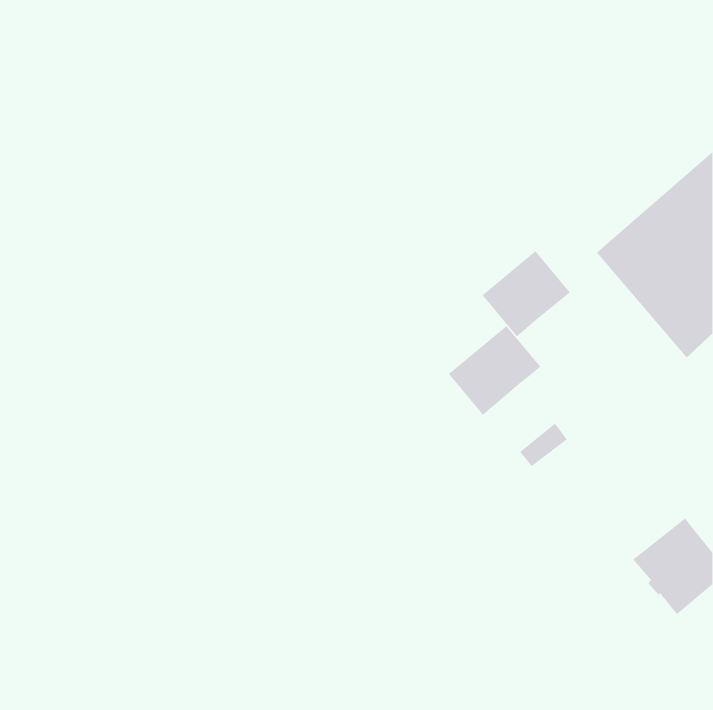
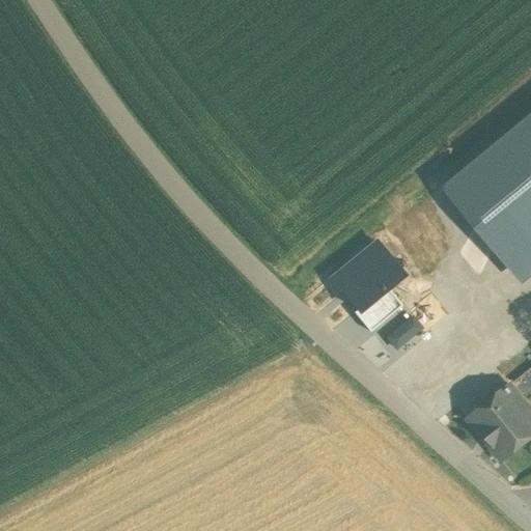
building: [482,250,571,337] -> none
building: none -> [355,286,401,330]

